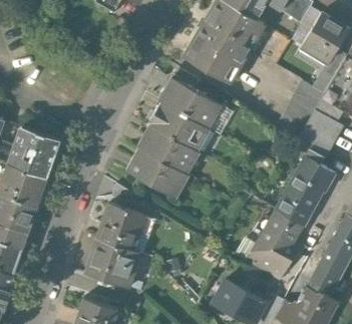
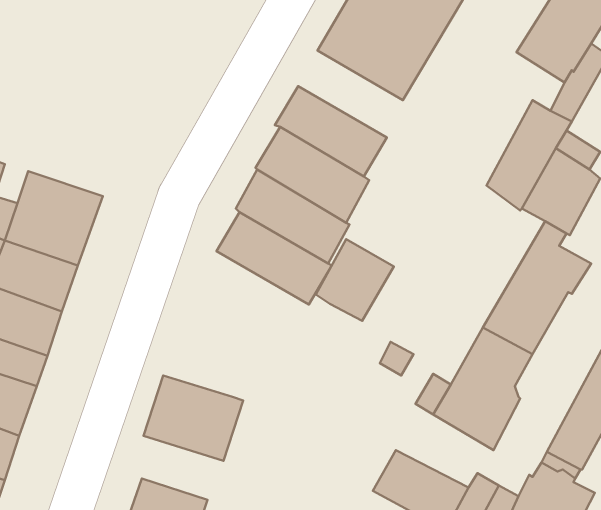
building: none -> [316,239,394,321]
building: [94,203,145,251] -> none

